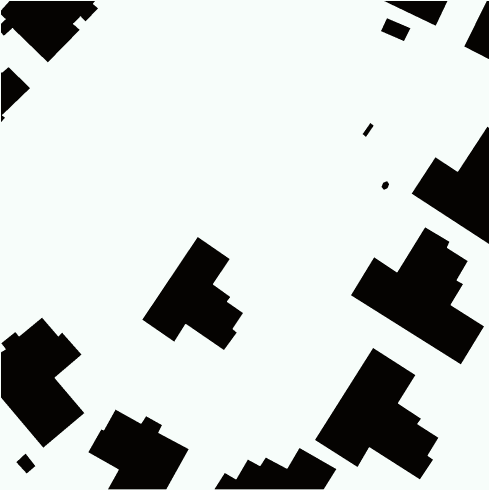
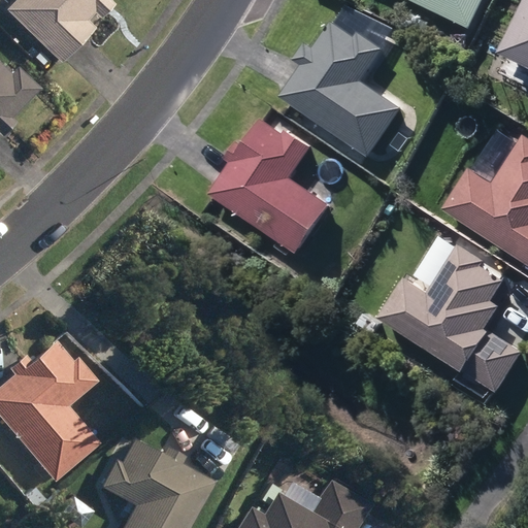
building: none -> [280,22,402,157]
building: none -> [208,118,329,254]
building: [141,236,244,351] -> none
building: [314,347,440,481] -> none

